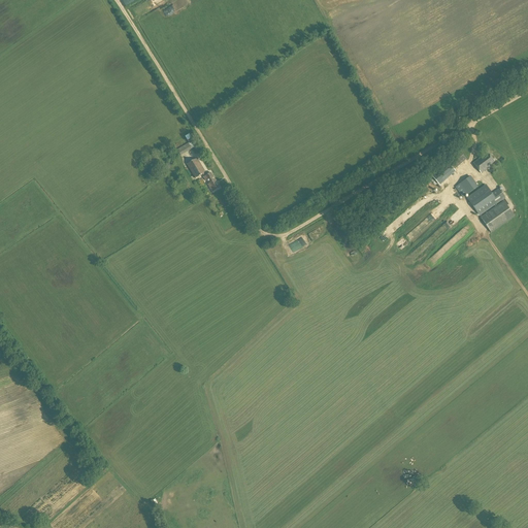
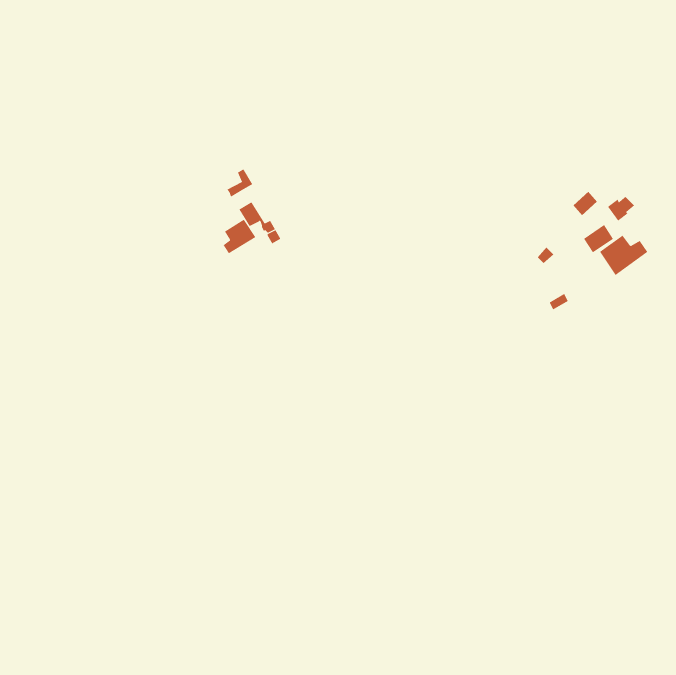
building: none -> [223,219,256,254]
building: [478,198,514,231] -> none

